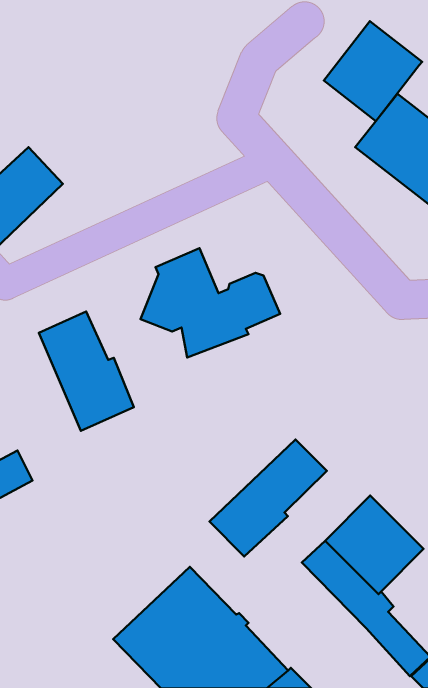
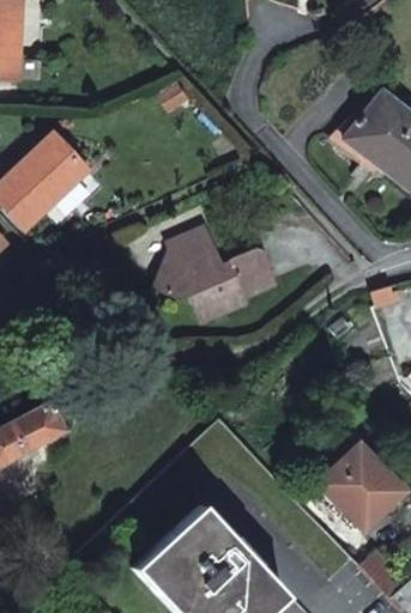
building: [324,21,422,121] -> none
building: [39,311,134,431] -> none
building: [209,439,327,557] -> none

